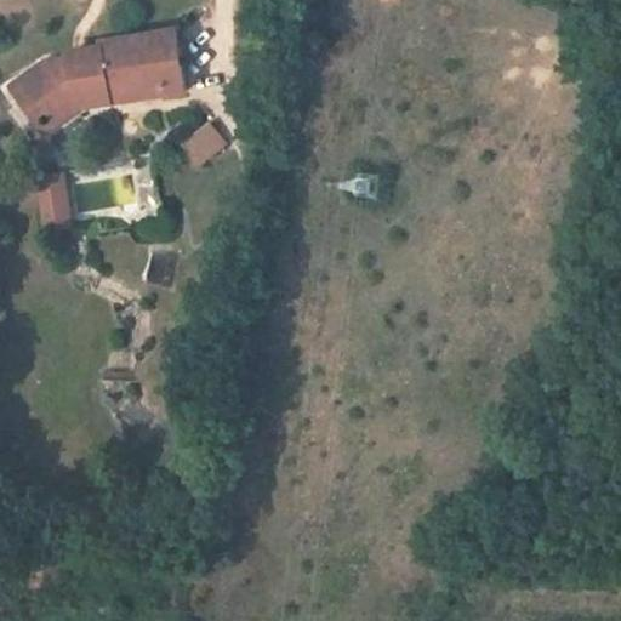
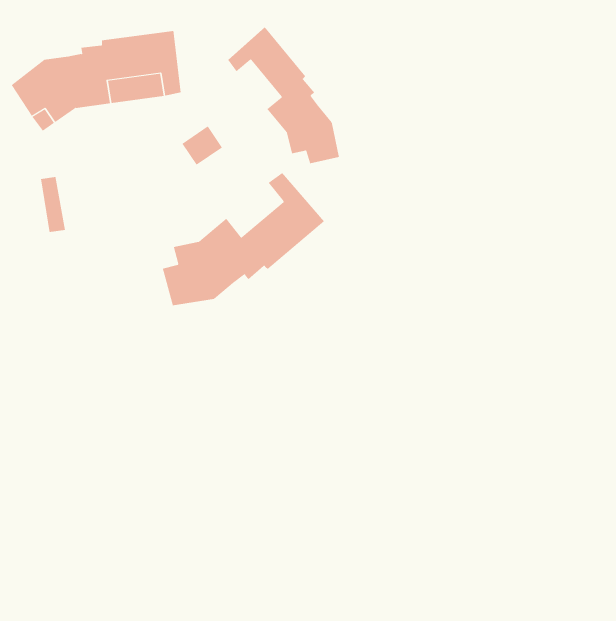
building: none -> [227,26,339,164]
building: none -> [162,172,325,306]

